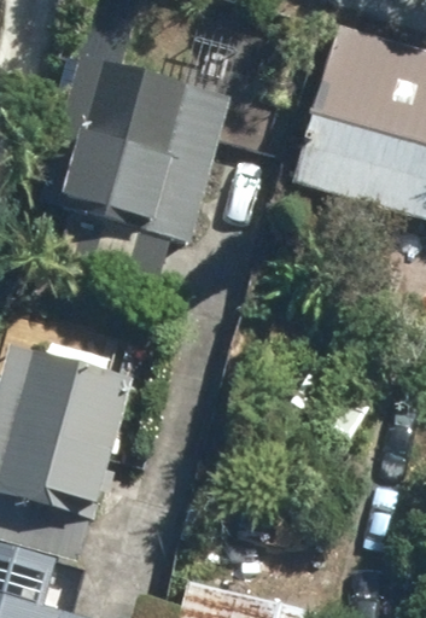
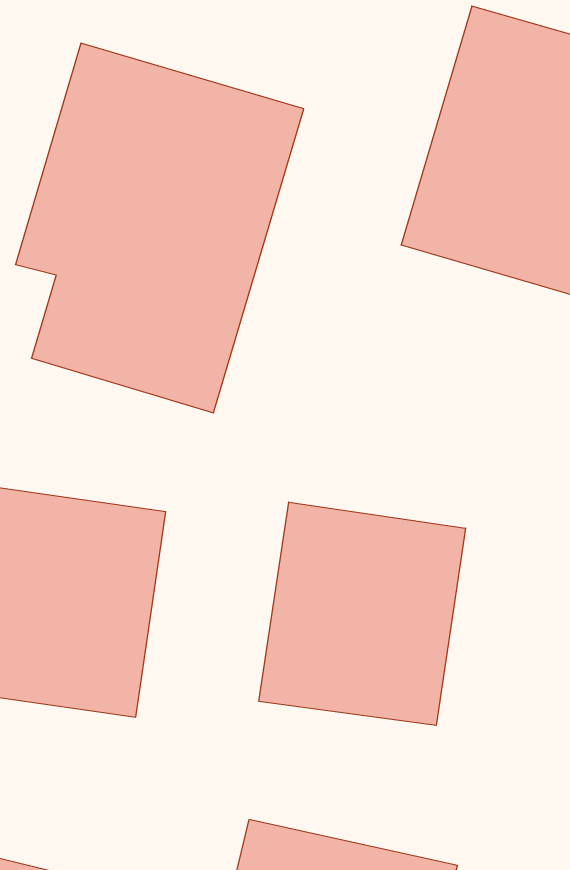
building: none -> [259,502,465,725]

